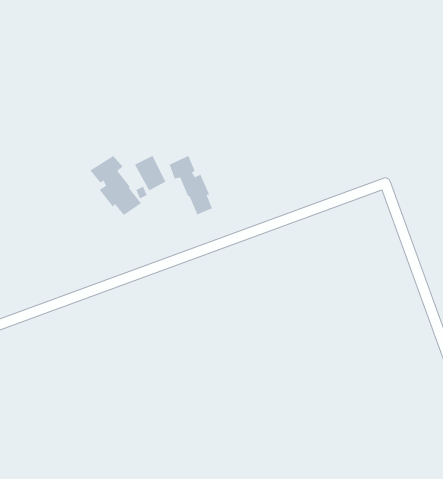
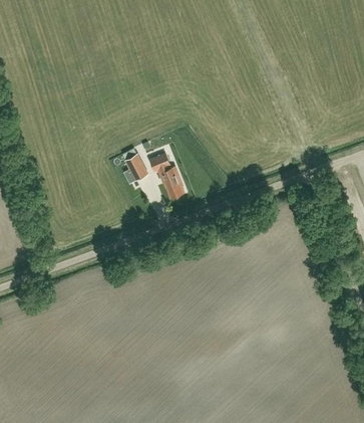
building: [89,155,142,216] -> none

